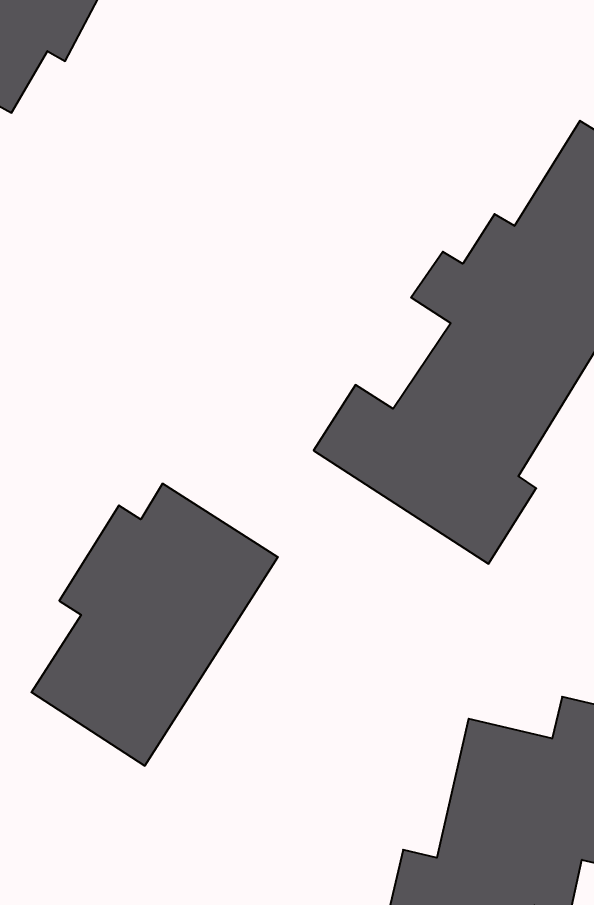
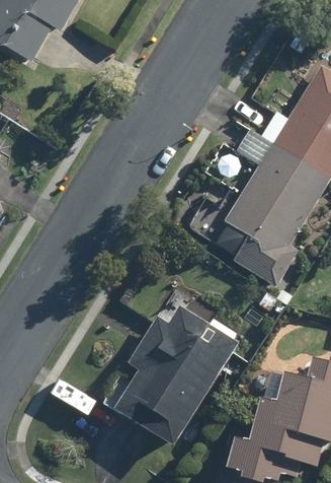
building: [31,484,278,766] -> [113,303,239,447]

